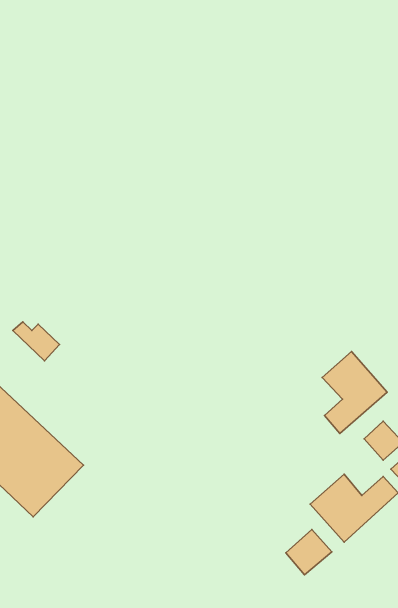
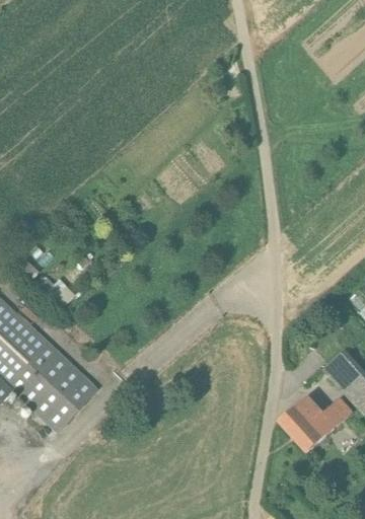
building: [322,351,387,433] -> none
building: [286,529,332,575] -> none

